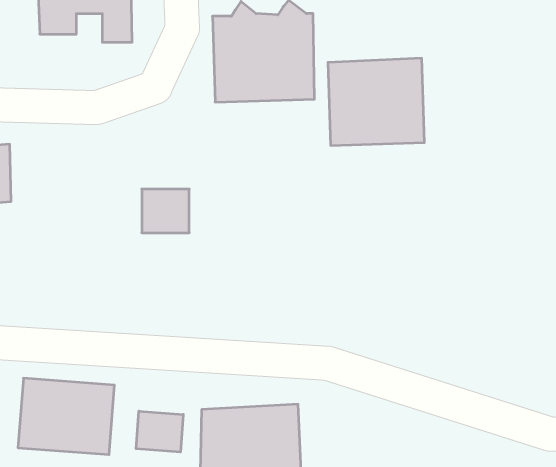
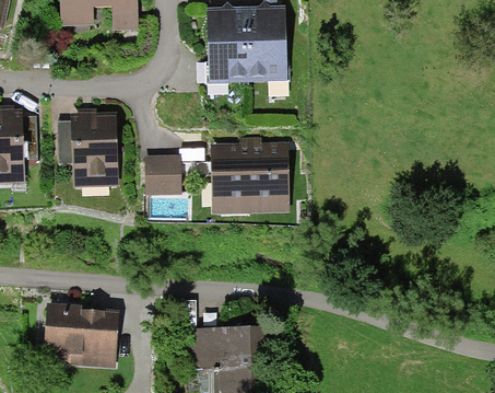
building: [328,58,424,145] -> [212,142,290,212]
building: none -> [59,109,116,184]
building: [136,411,183,452] -> none

